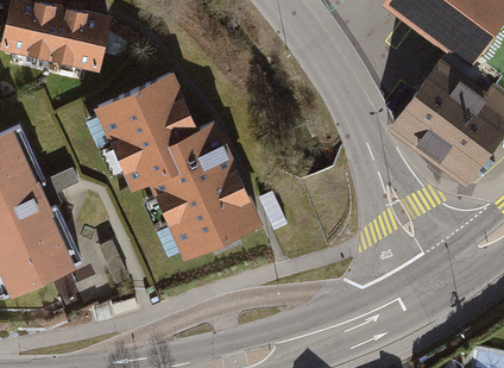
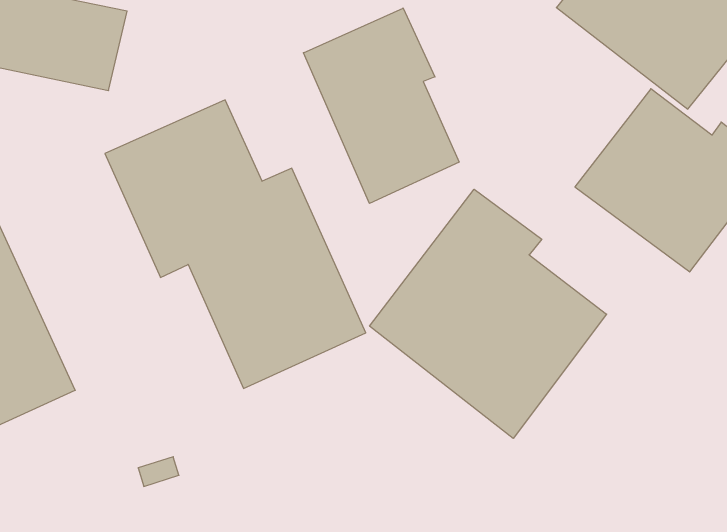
building: none -> [303,8,459,203]
building: none -> [370,189,607,438]

